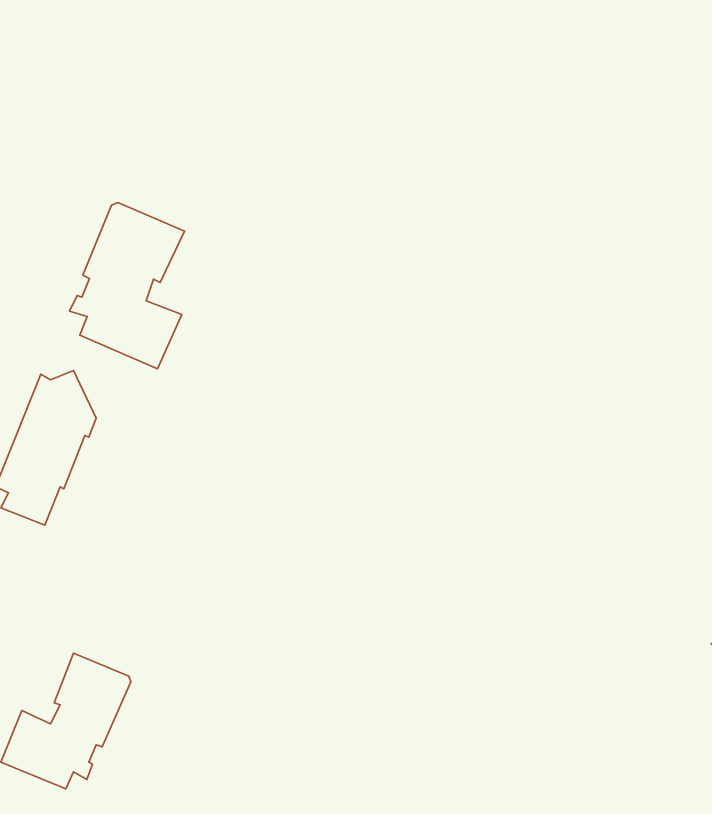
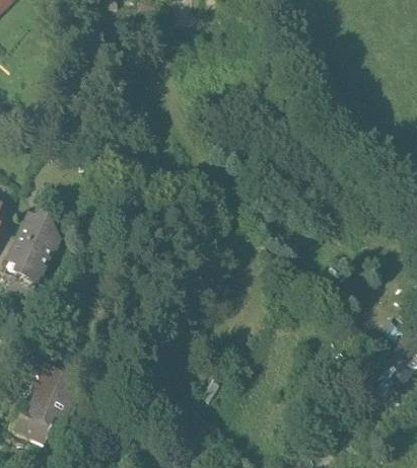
building: [70,203,184,369] -> none

